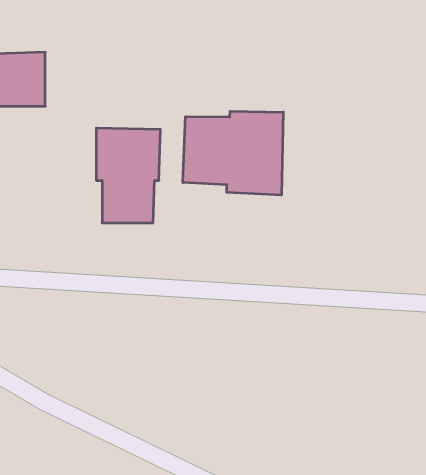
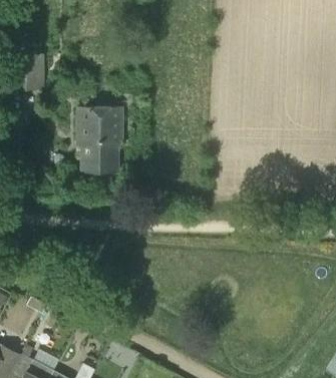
building: [183,111,283,195] -> none

